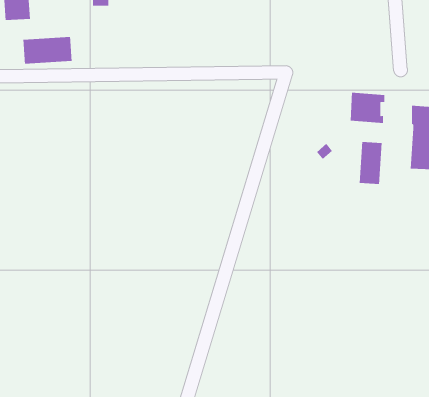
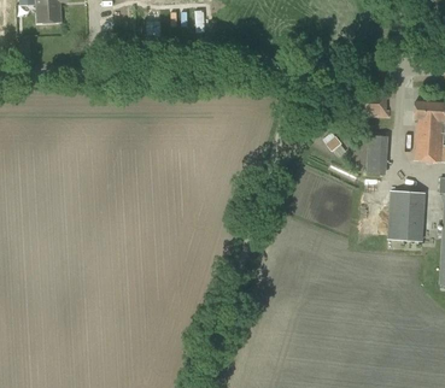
building: [23,36,72,64] -> none
building: none -> [388,189,426,240]

